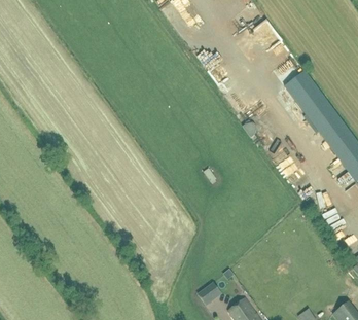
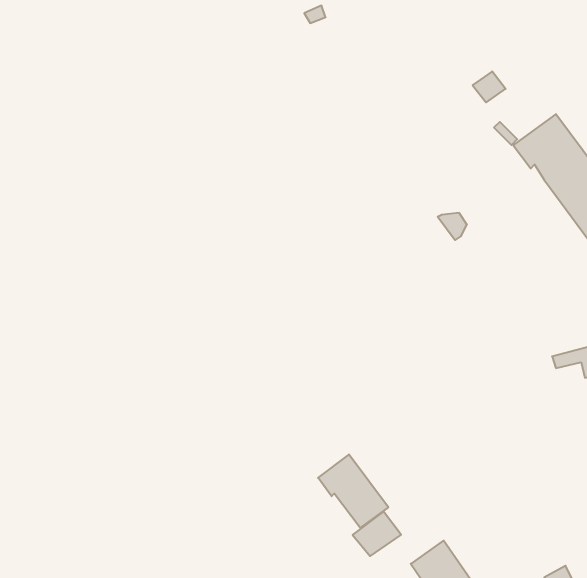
building: none -> [318,454,388,528]

